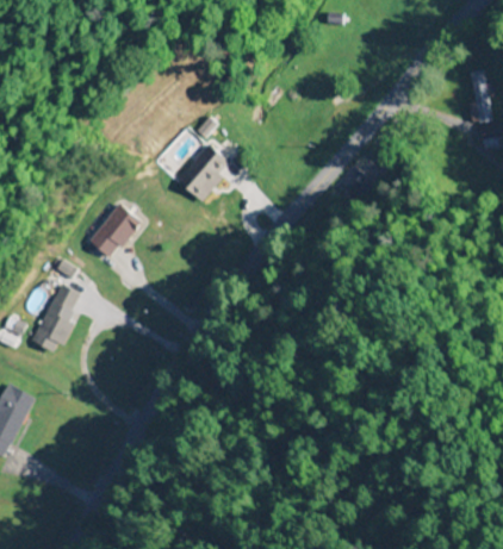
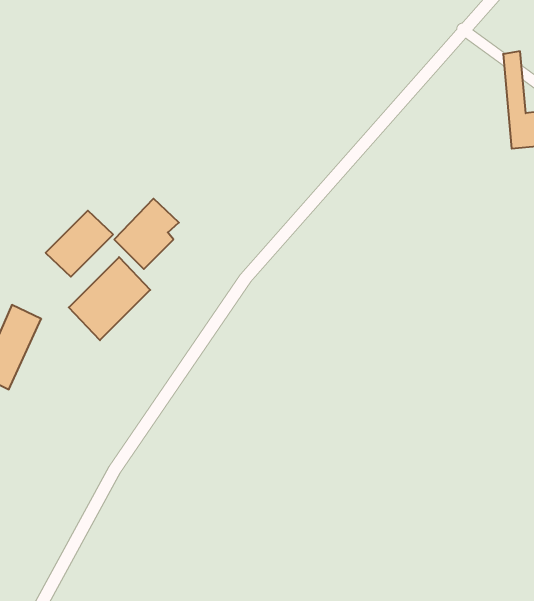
building: [175,143,230,202] -> [114,199,179,269]
building: none -> [69,257,150,340]

